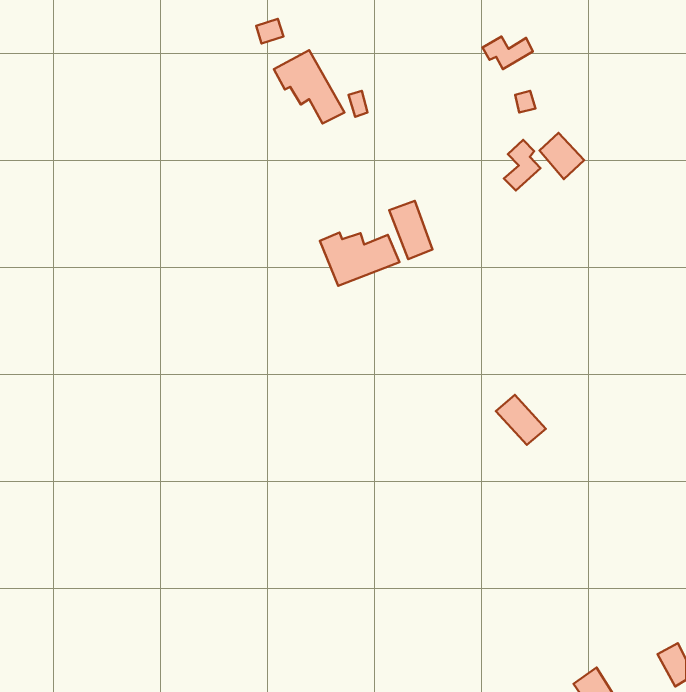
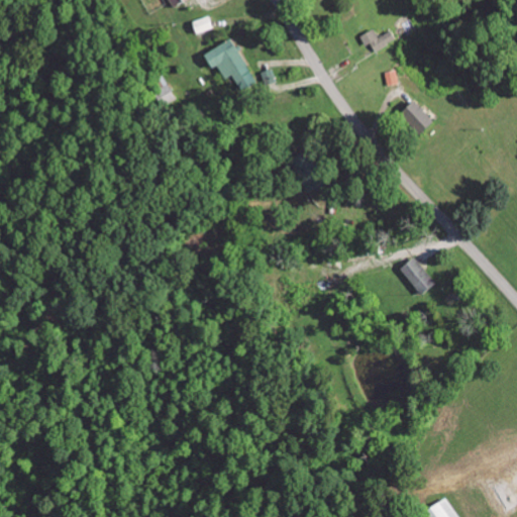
building: [504,140,541,190] -> none
building: [320,232,400,286] -> none
building: [496,395,546,445] -> [398,257,435,295]

